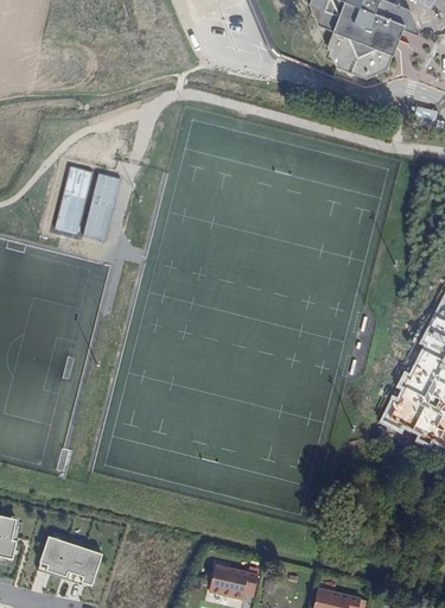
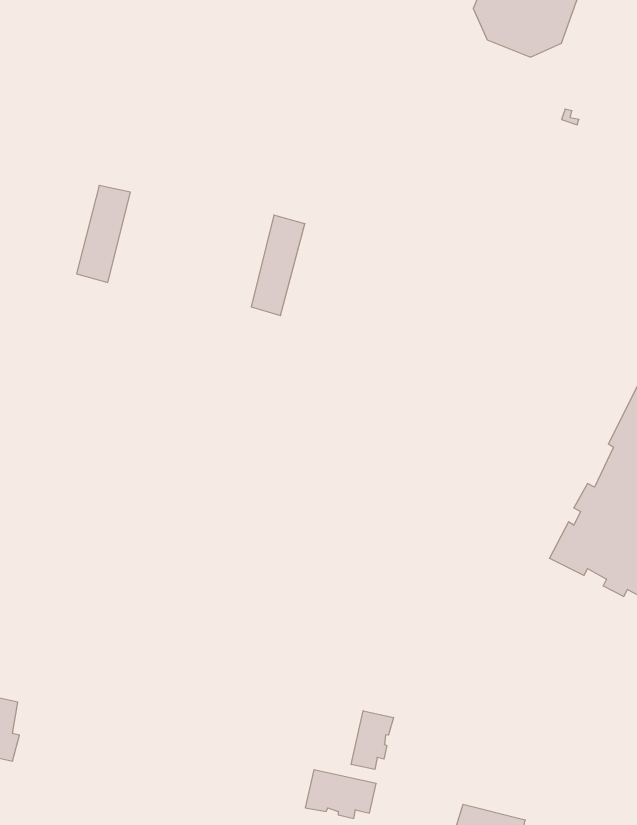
building: [83,172,120,241] -> [251,215,305,316]
building: none -> [351,711,393,769]
building: [36,536,101,585] -> none

